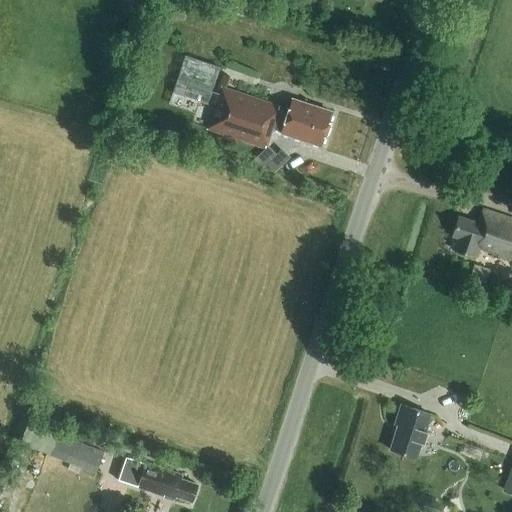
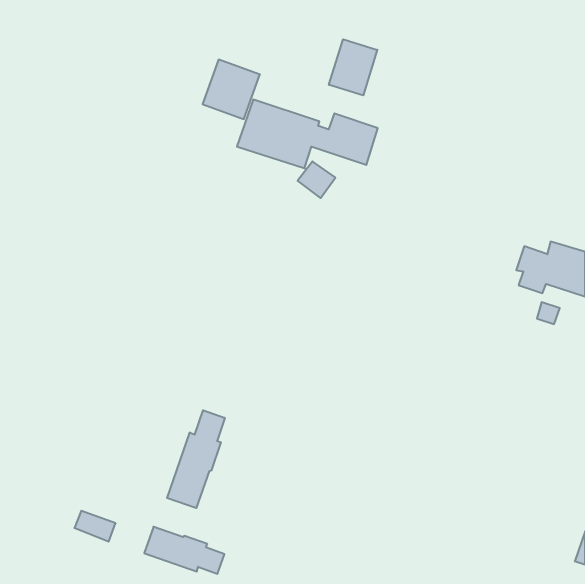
building: none -> [329,39,377,95]
building: none -> [167,410,225,508]
building: [389,405,430,458] -> none

